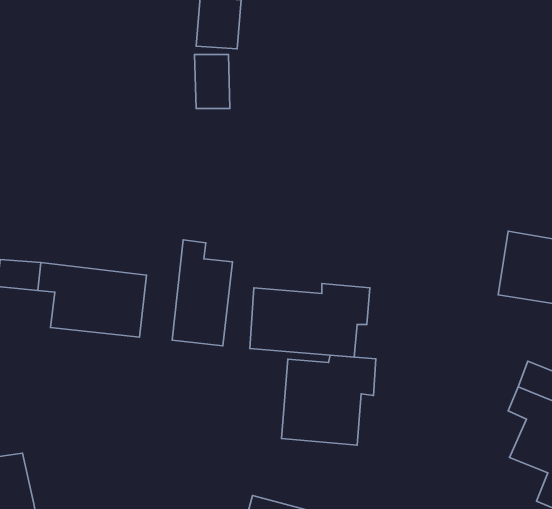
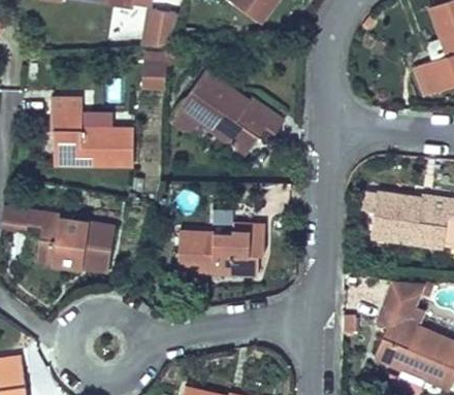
building: none -> [180,72,285,155]
building: none -> [52,76,140,159]
building: [172,240,232,346] -> none
building: [282,355,376,445] -> none

